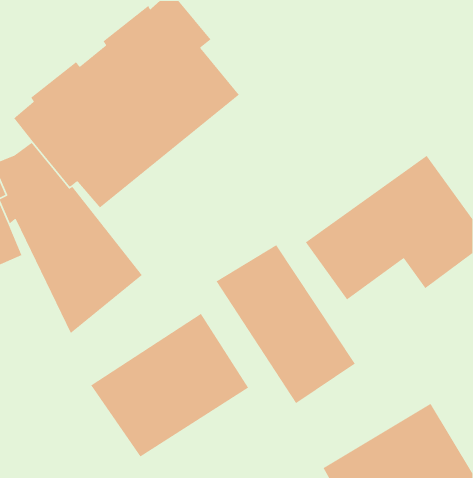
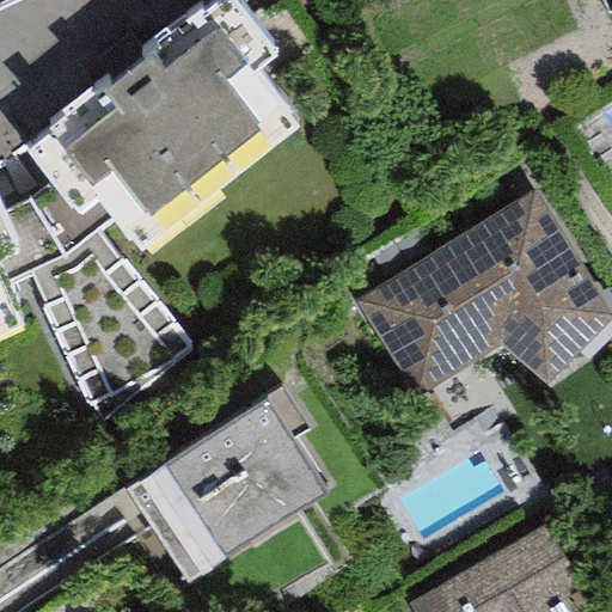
building: [216,244,356,404] -> none

